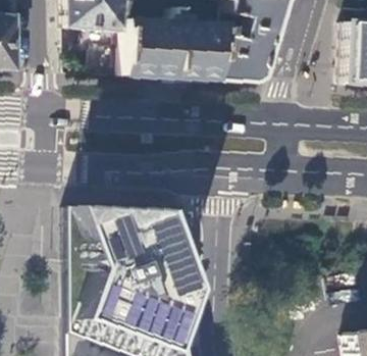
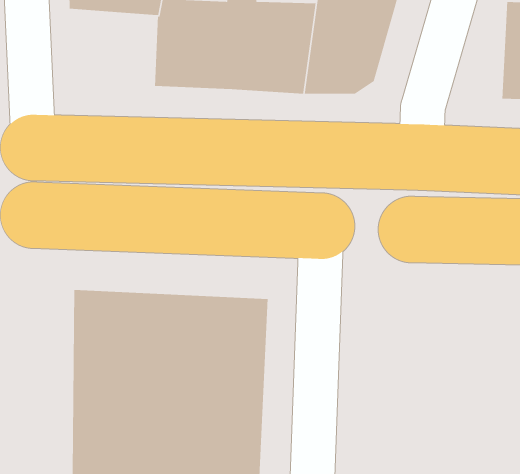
building: [96,30,125,77] -> none

